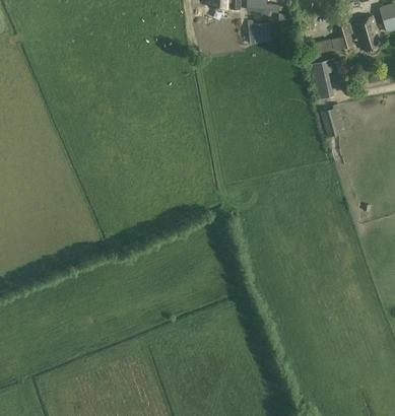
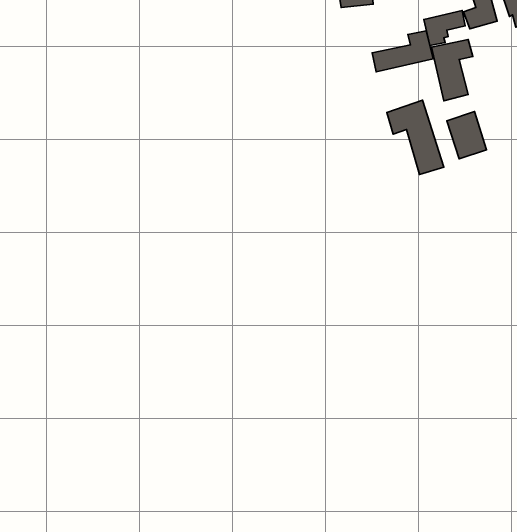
building: none -> [372,31,433,72]
building: none -> [387,100,444,174]

